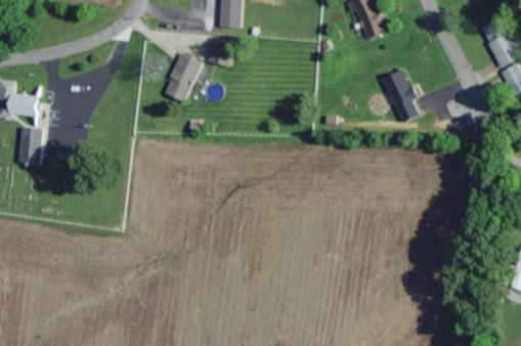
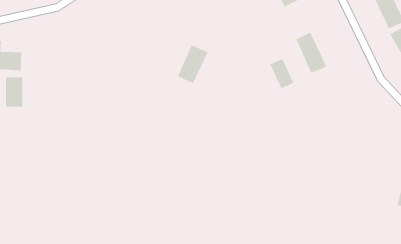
building: [165,52,204,101] -> [177,45,208,84]
building: none -> [270,58,294,89]

